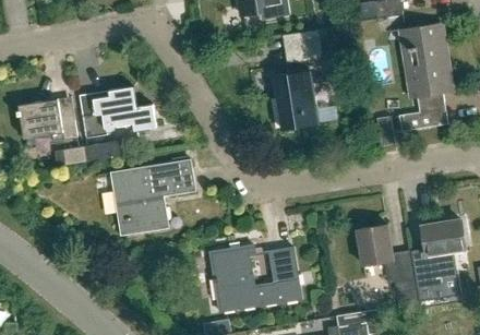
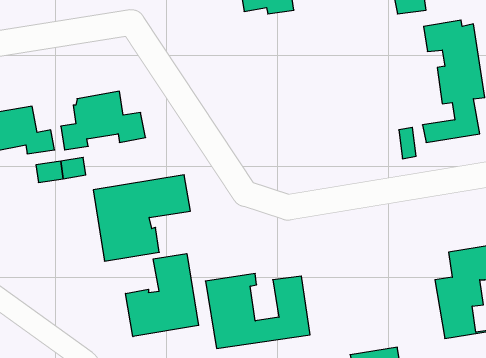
building: [274,29,326,129] -> none
building: [357,226,419,306] -> none
building: none -> [126,254,199,337]

